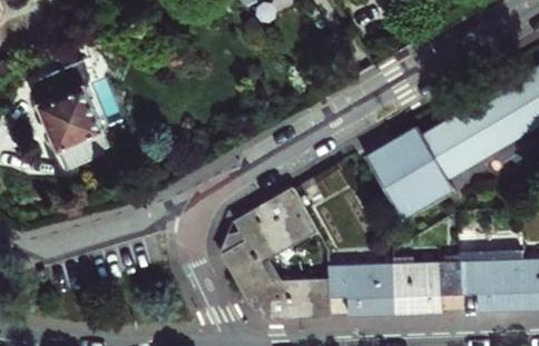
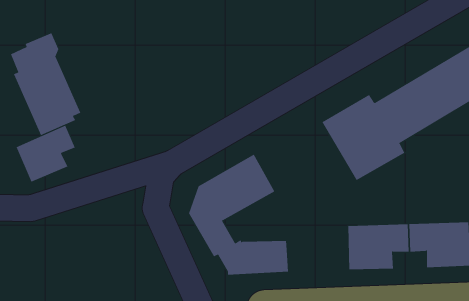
building: none -> [16,125,75,183]
building: [327,266,393,315] -> none

